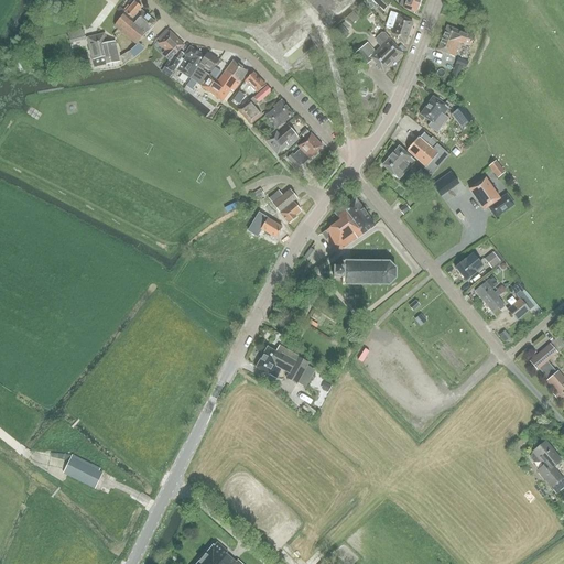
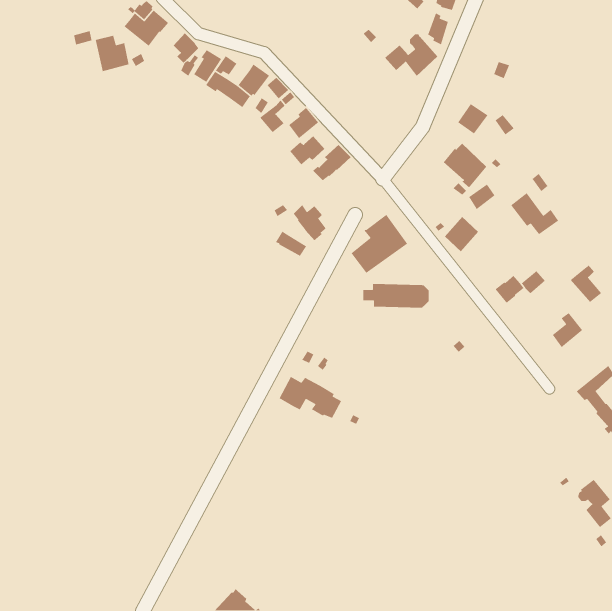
building: [438,24,475,55] -> none
building: [383,144,415,177] -> [444,216,479,252]
building: [475,275,505,311] -> [570,264,602,303]
building: [64,455,104,487] -> none

